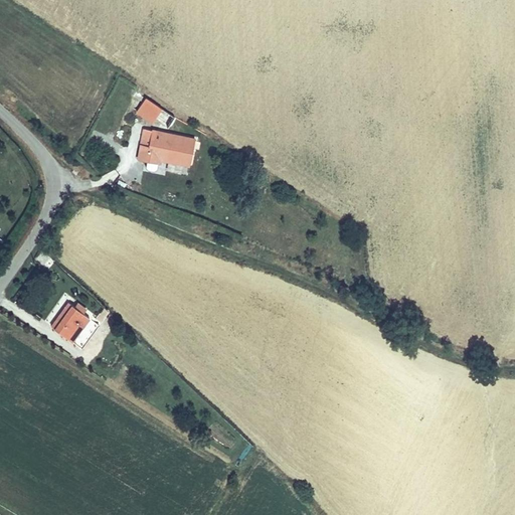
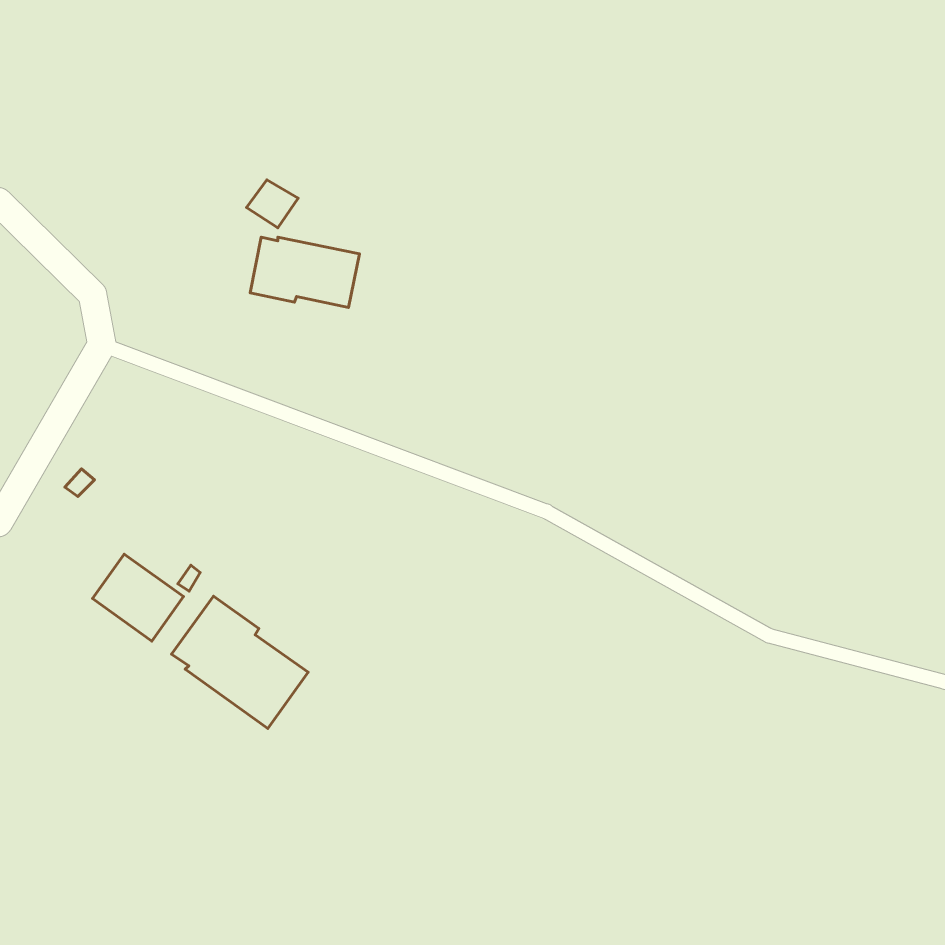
building: none -> [172,596,308,728]

